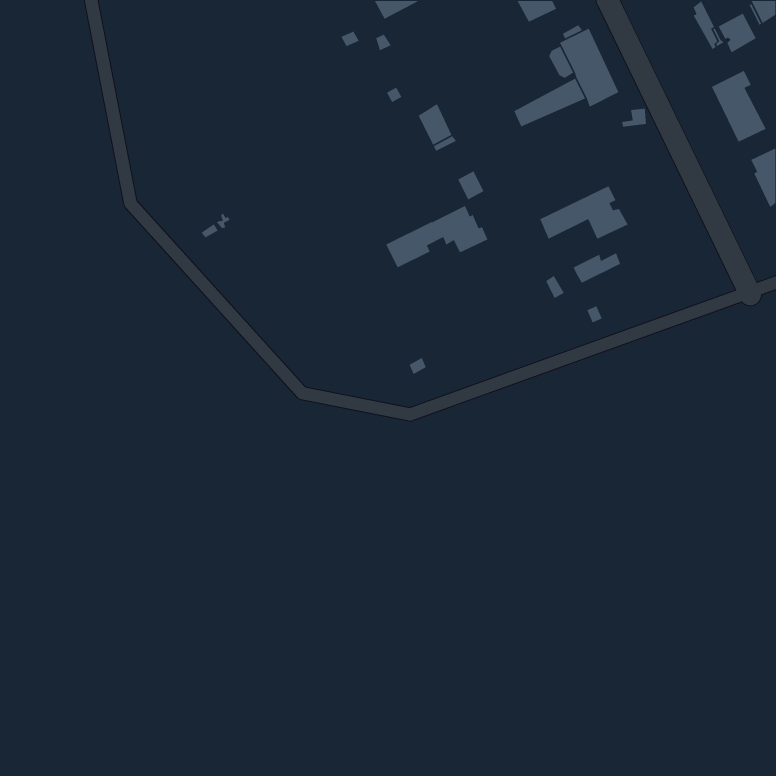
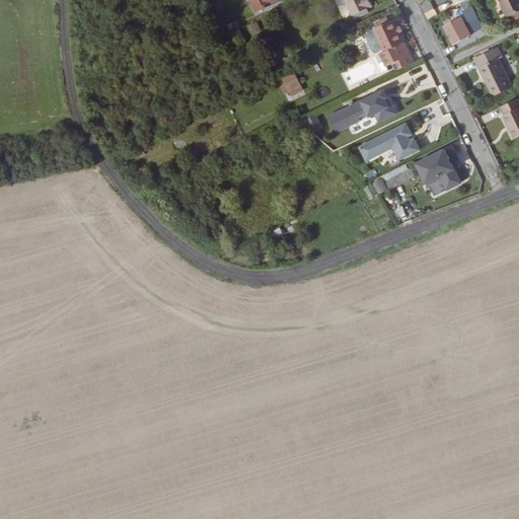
building: [717,13,757,54] -> [444,17,470,45]
building: [385,205,488,269] -> [329,89,398,132]
building: none -> [418,150,460,189]

